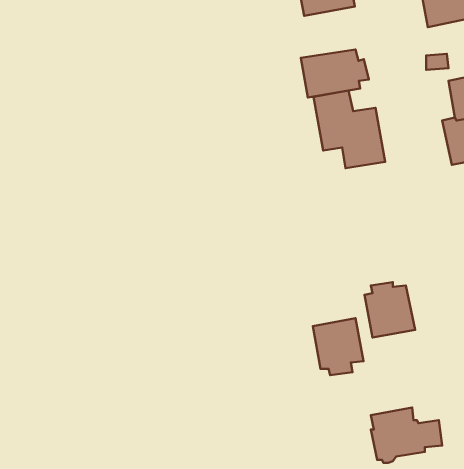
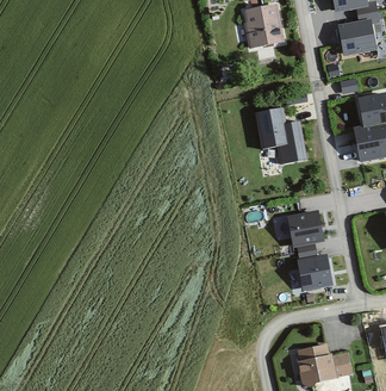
building: [301,50,369,98] -> none
building: [313,318,363,375] -> [286,209,324,252]

